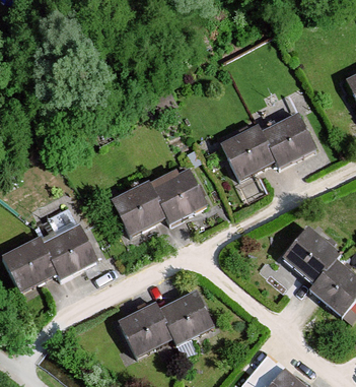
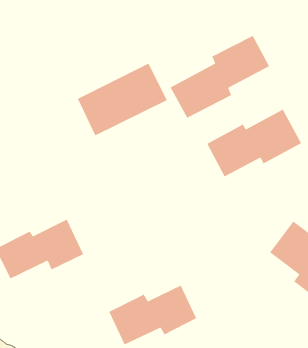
building: none -> [170,35,270,119]
building: [111,164,203,239] -> [77,62,168,136]

